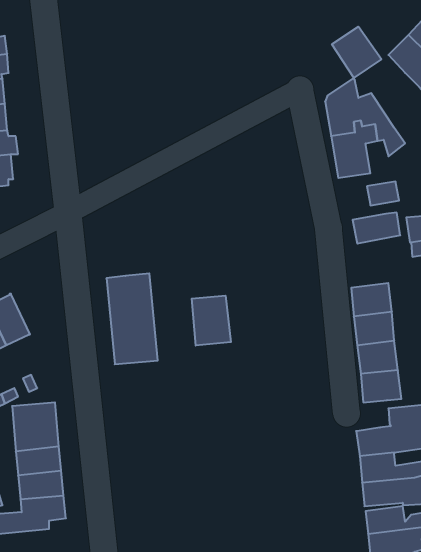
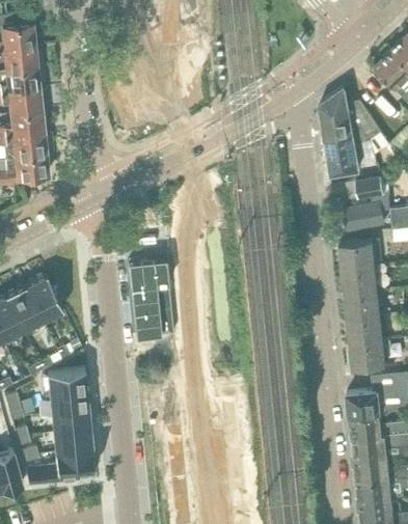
building: [332,27,381,78] -> none
building: none -> [338,242,374,271]
building: [192,296,231,346] -> none

